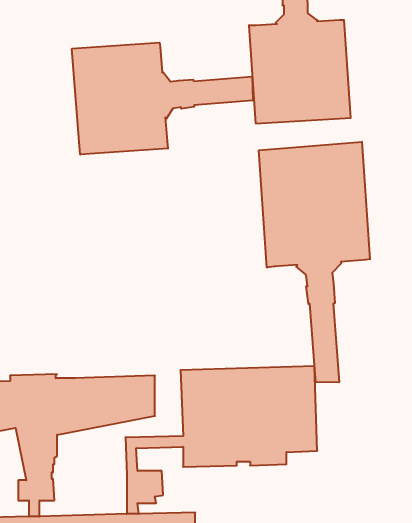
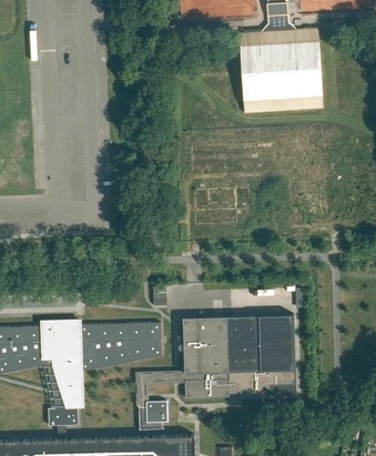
building: [72,43,253,155] -> none
building: [259,142,370,382] -> none

